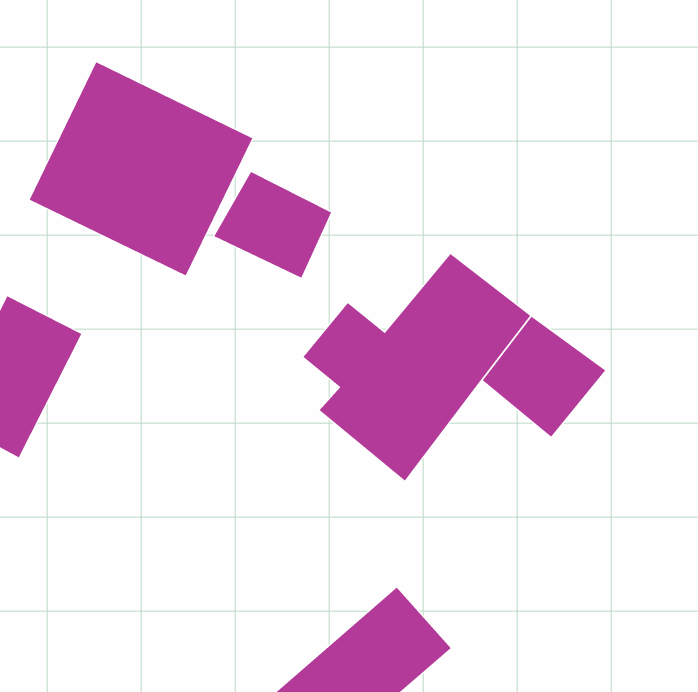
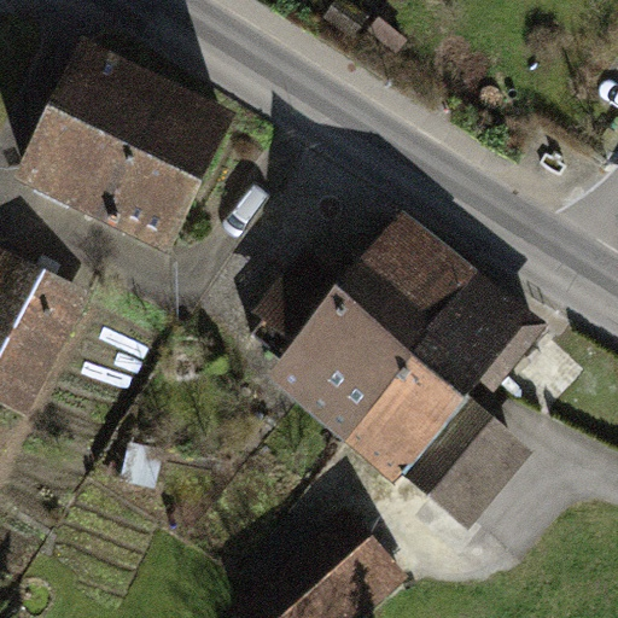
building: [214,171,332,278] -> none
building: none -> [357,342,514,517]

